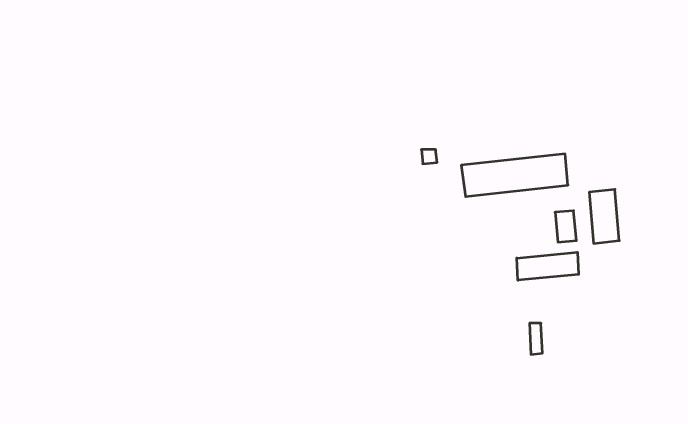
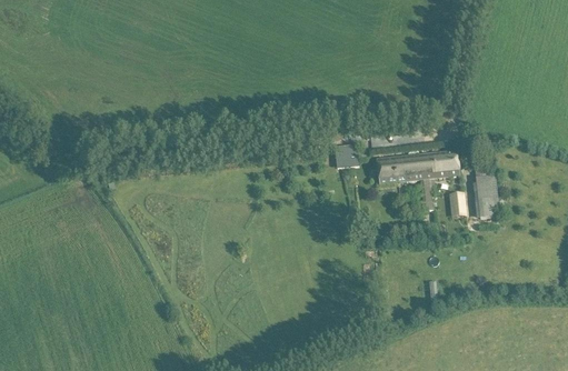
building: [517,252,579,280] -> none

